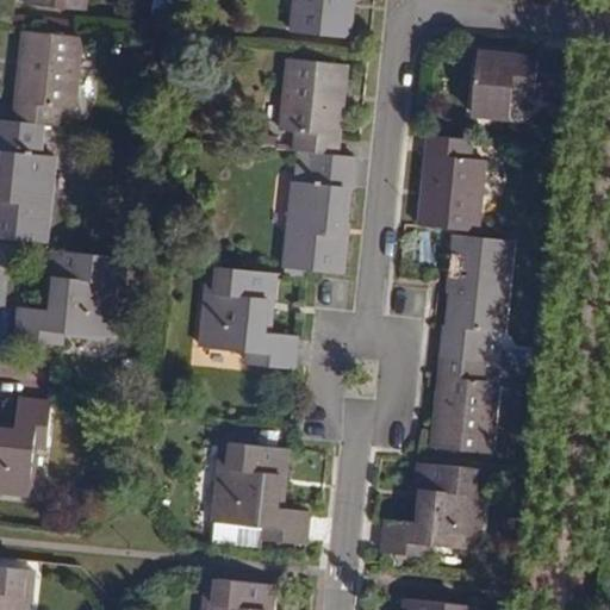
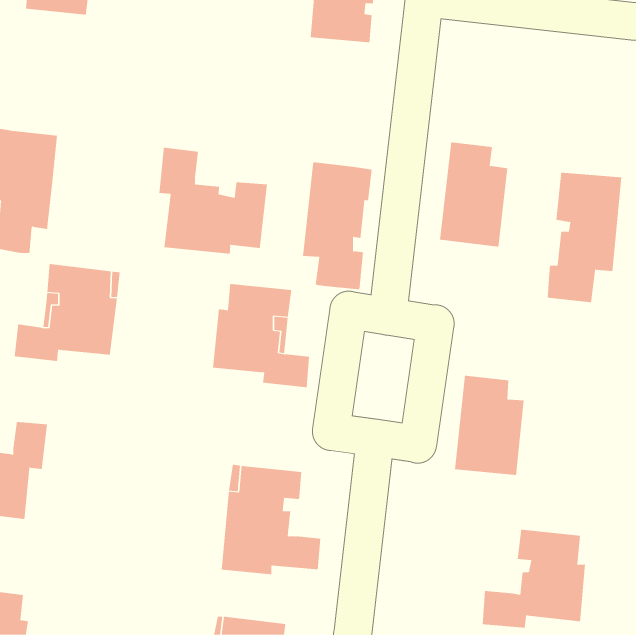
building: [12,31,81,129] -> none
building: [469,50,567,120] -> none
building: [286,60,348,158] -> none
building: none -> [159,147,267,255]
building: [441,237,512,361] -> [547,172,622,303]
building: [380,461,479,555] -> [482,529,586,628]

